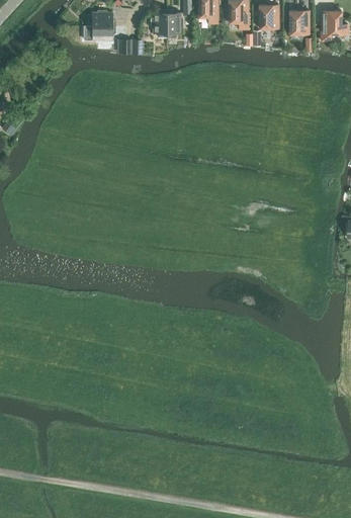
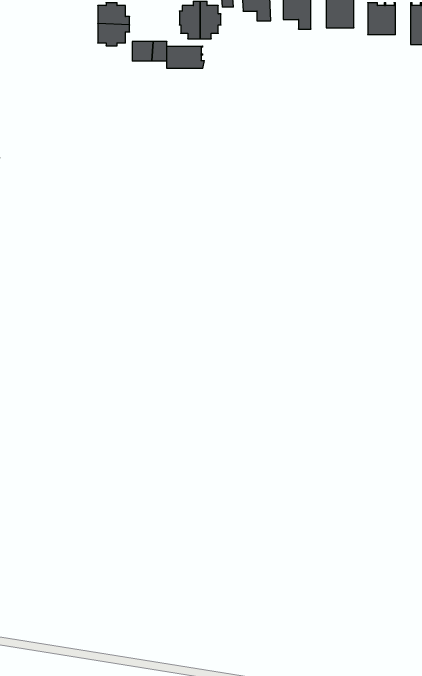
building: none -> [167,46,204,68]

